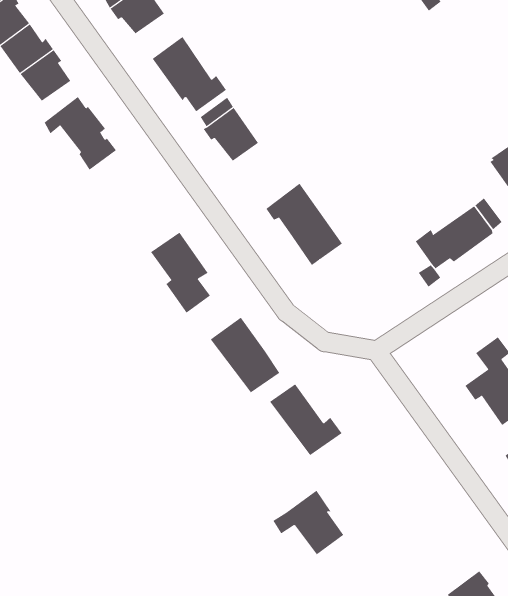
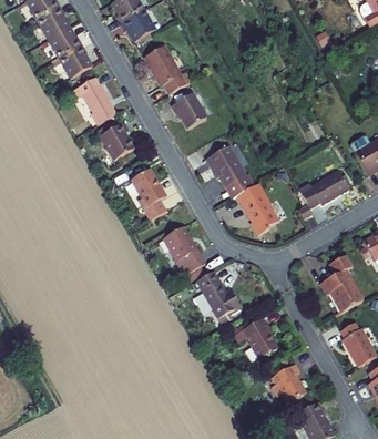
building: none -> [100,122,134,160]
building: none -> [237,183,278,235]
building: [272,490,344,555] -> [234,318,278,359]
building: none -> [272,364,306,404]

